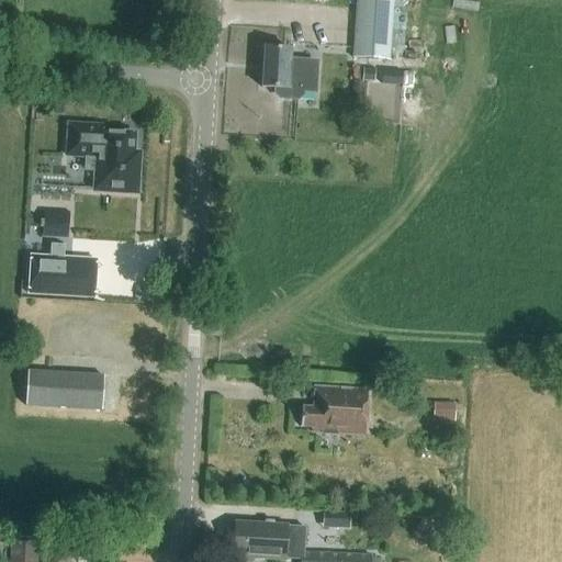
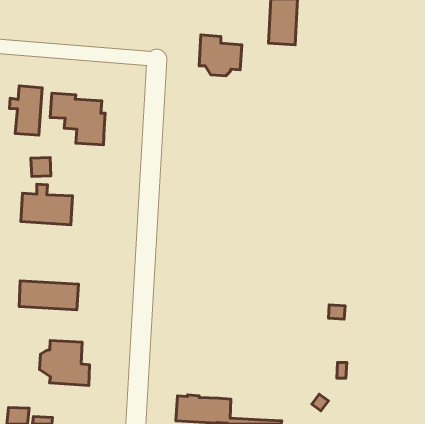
building: none -> [10,86,42,135]
building: [301,385,368,434] -> none
building: none -> [40,340,90,385]

